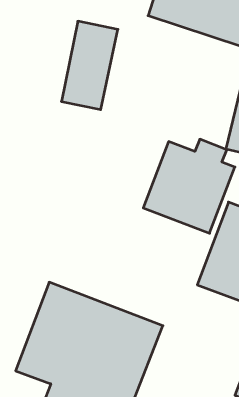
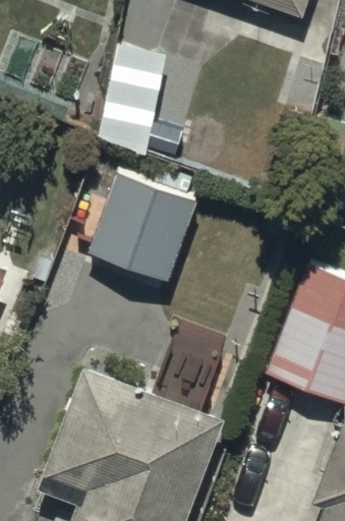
building: [143,139,235,233] -> [88,167,202,284]

